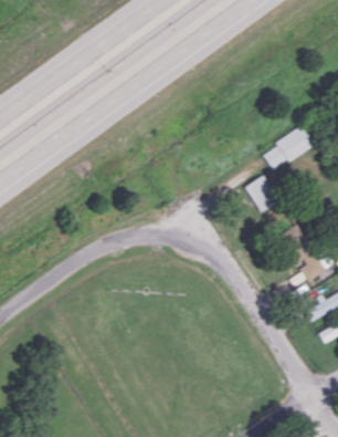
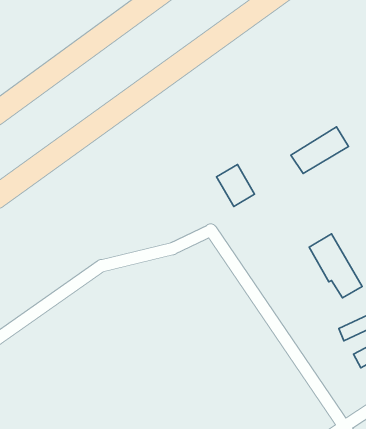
building: [245,176,279,214] -> [216,165,255,206]

